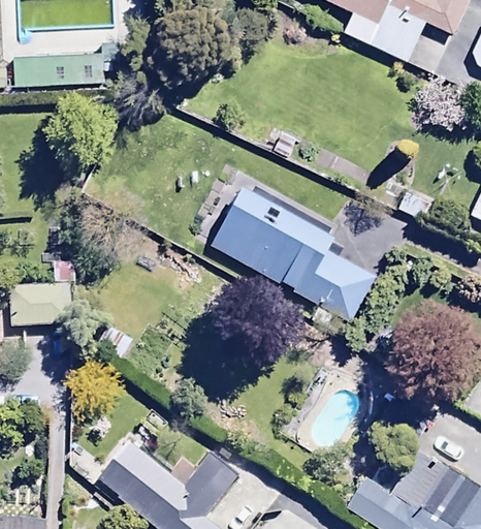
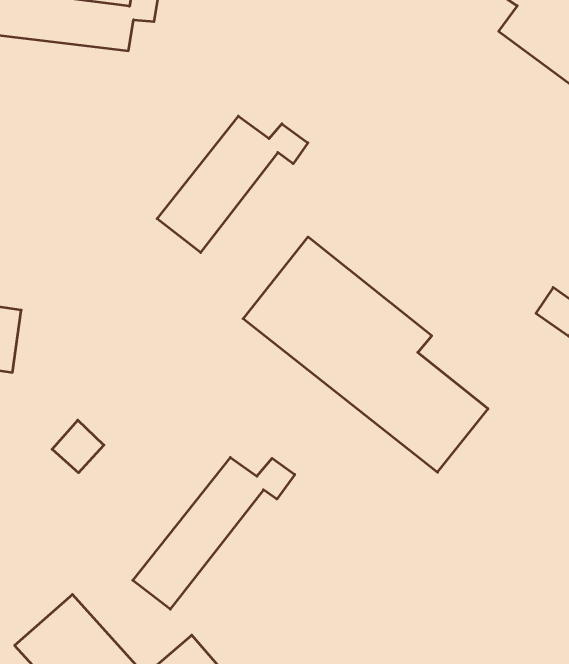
building: none -> [157,116,308,253]
building: none -> [133,457,295,609]

